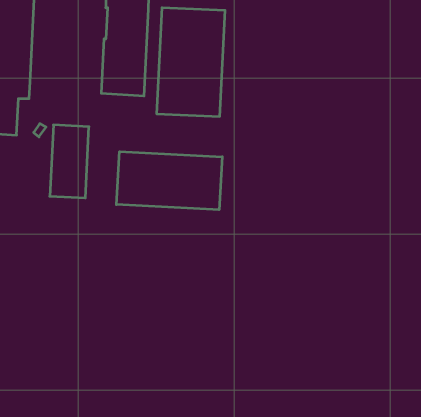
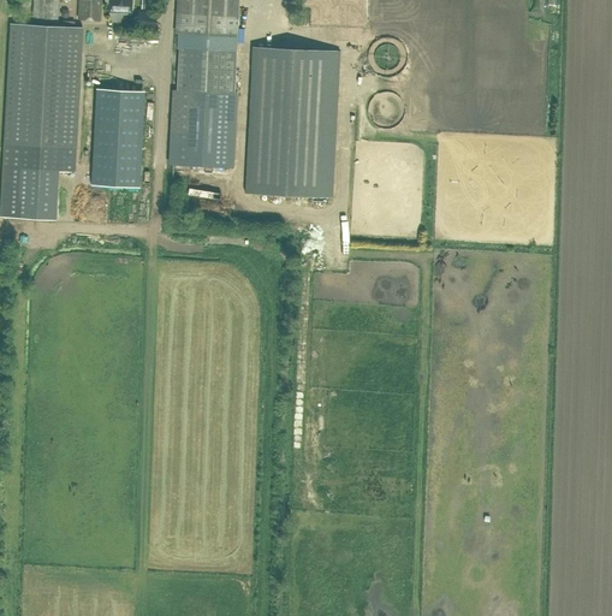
building: [50,125,89,198] -> [91,88,144,186]
building: [116,152,222,210] -> none

